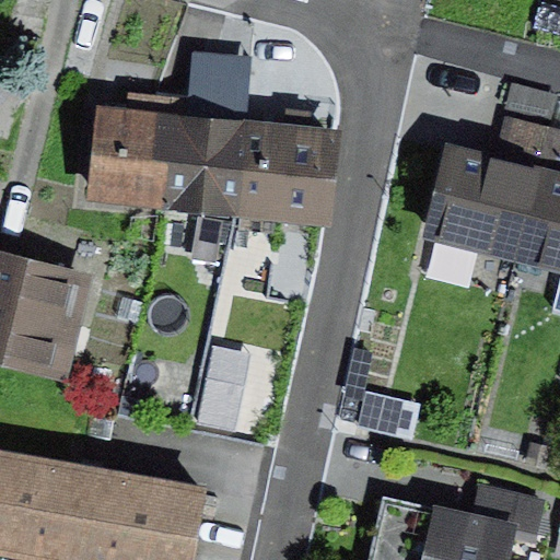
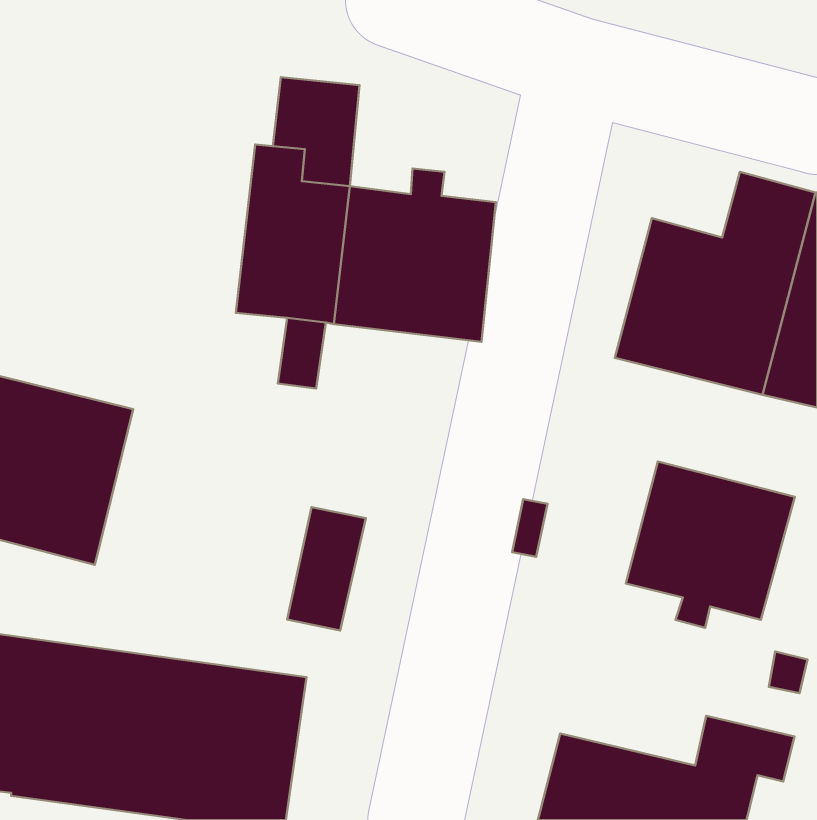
building: [86,93,174,213] -> none
building: none -> [626,462,795,628]

